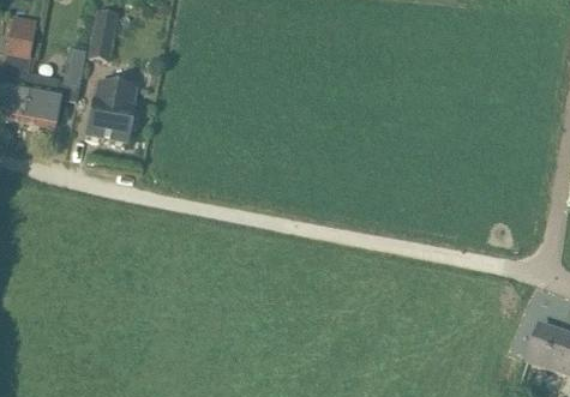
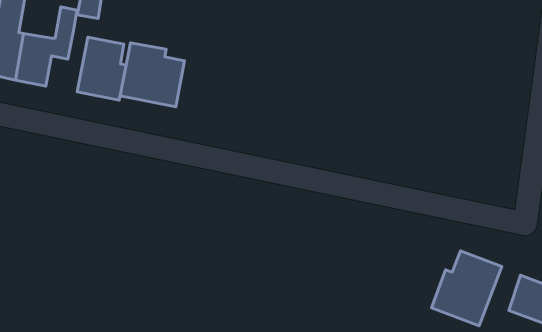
building: none -> [120,43,185,107]
building: none -> [432,251,502,326]

